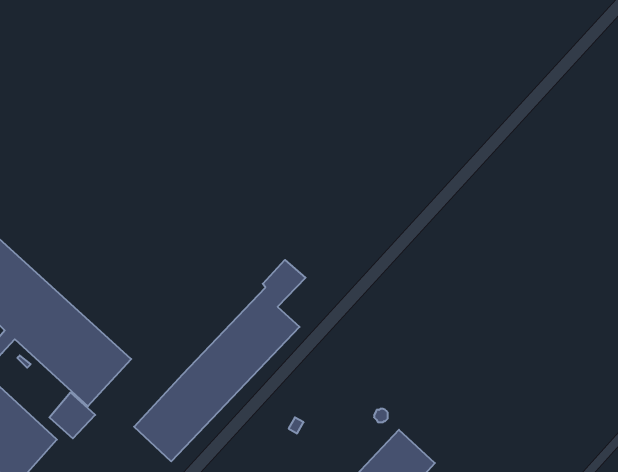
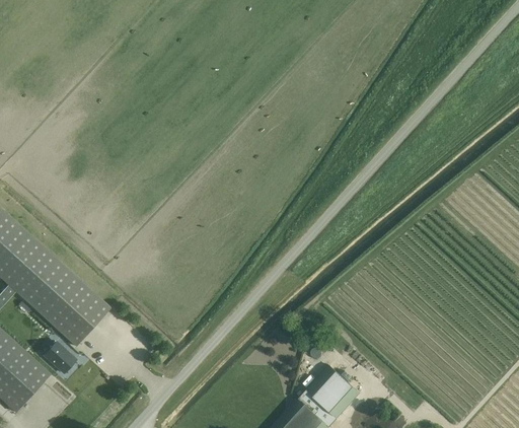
building: [134,260,306,461] -> none

